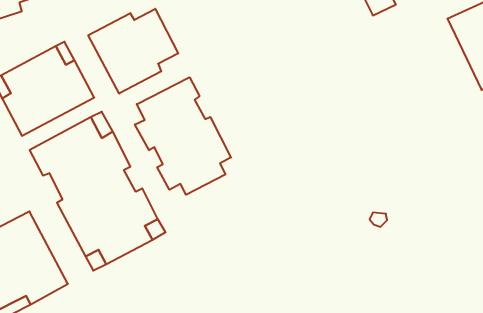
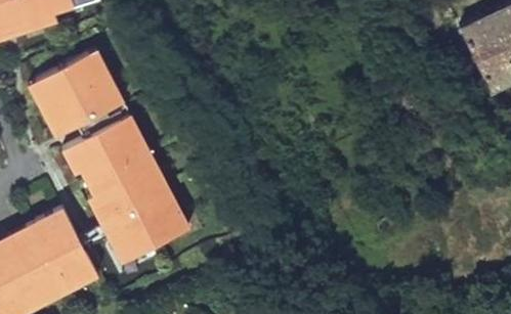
building: [88,9,178,94] -> none
building: [135,77,231,195] -> none

